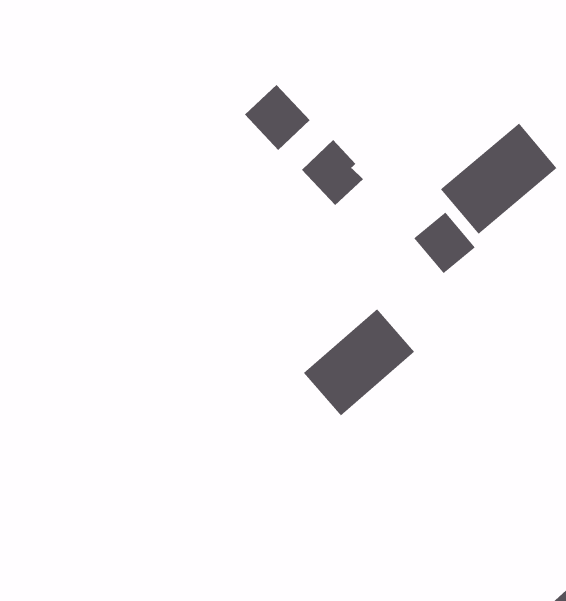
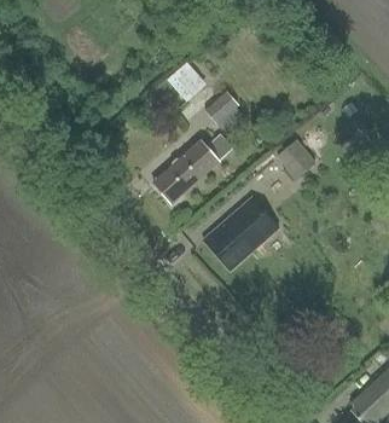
building: [440,123,558,235] -> none
building: none -> [152,133,232,202]

